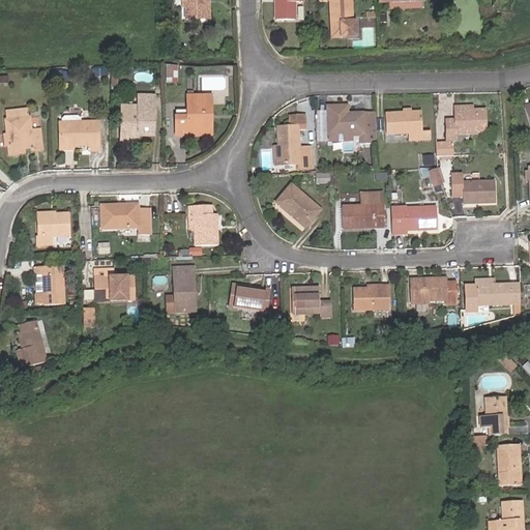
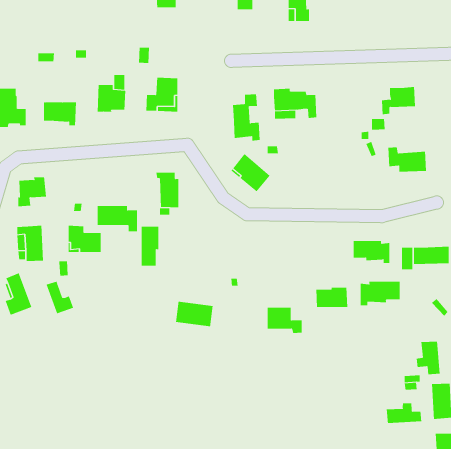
building: [380,111,426,139] -> none
building: [341,194,383,228] -> none
building: [102,200,149,230] -> [97,205,138,232]
building: [389,206,436,235] -> none
building: [230,284,273,313] -> [175,301,214,327]
building: [294,286,334,316] -> [267,307,302,334]
building: [356,287,393,310] -> [315,287,348,307]
building: none -> [46,281,74,314]
building: none -> [360,281,400,306]
building: none -> [386,402,422,424]

